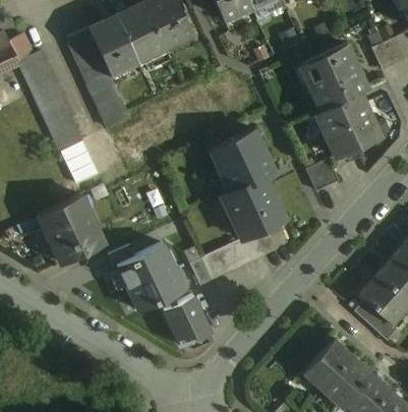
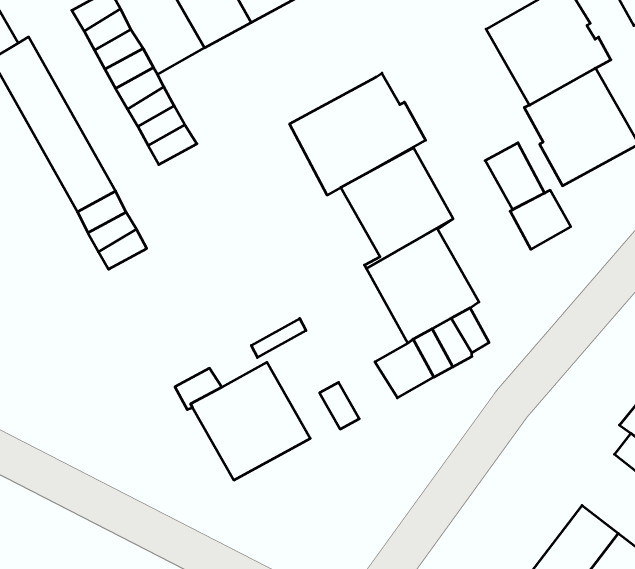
building: none -> [290,73,426,195]
building: none -> [485,143,545,210]
building: [38,194,103,262] -> none
building: [200,247,233,279] -> none
building: [163,294,211,339] -> none

